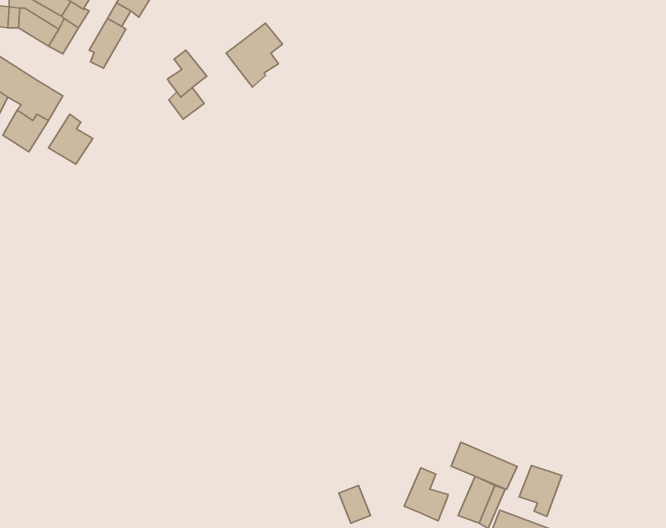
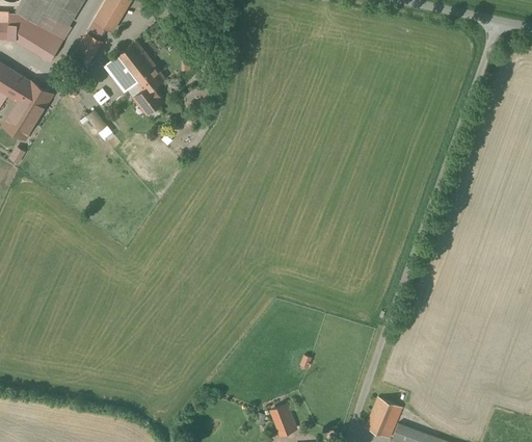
building: [226,23,283,87] -> [104,42,149,93]
building: [49,114,93,164] -> none
building: [451,442,517,490] -> none
building: [519,465,562,517] -> none
building: [404,468,448,521] -> none

